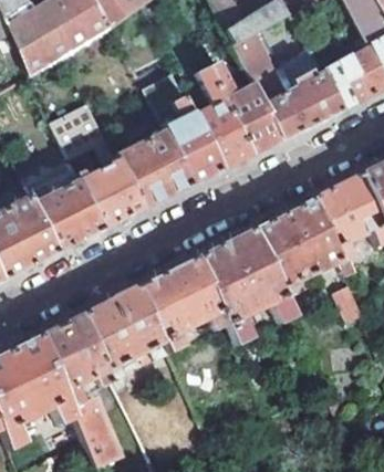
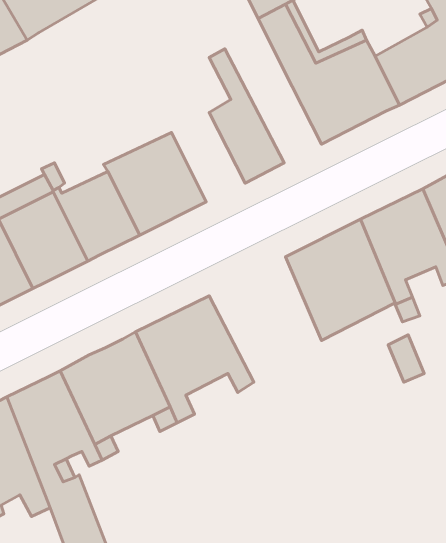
building: [206,62,280,155] -> none
building: [147,73,221,185] -> none
building: [52,105,96,155] -> none
building: [194,227,293,345] -> none

